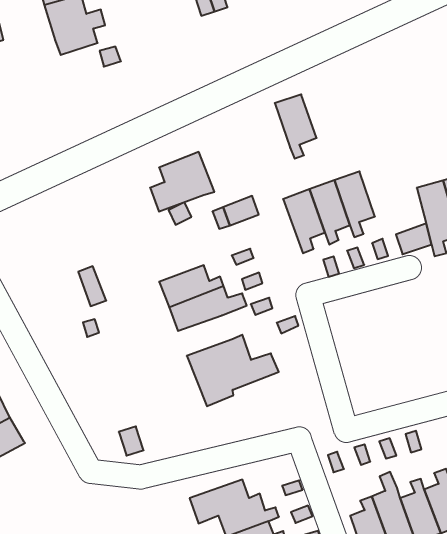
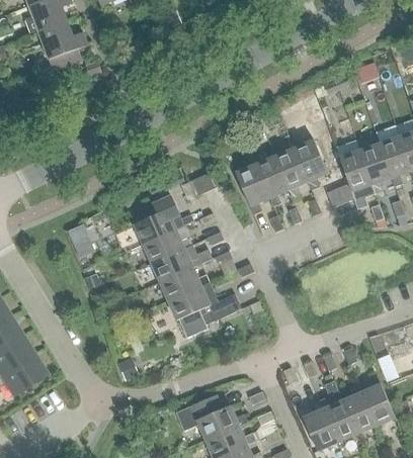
building: [275,94,317,159] -> [294,139,328,189]
building: [150,152,214,212] -> [134,194,184,243]
building: none -> [159,266,210,299]

